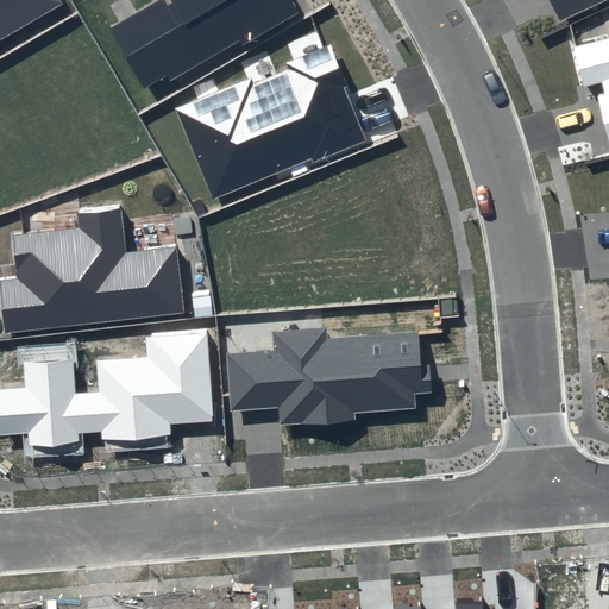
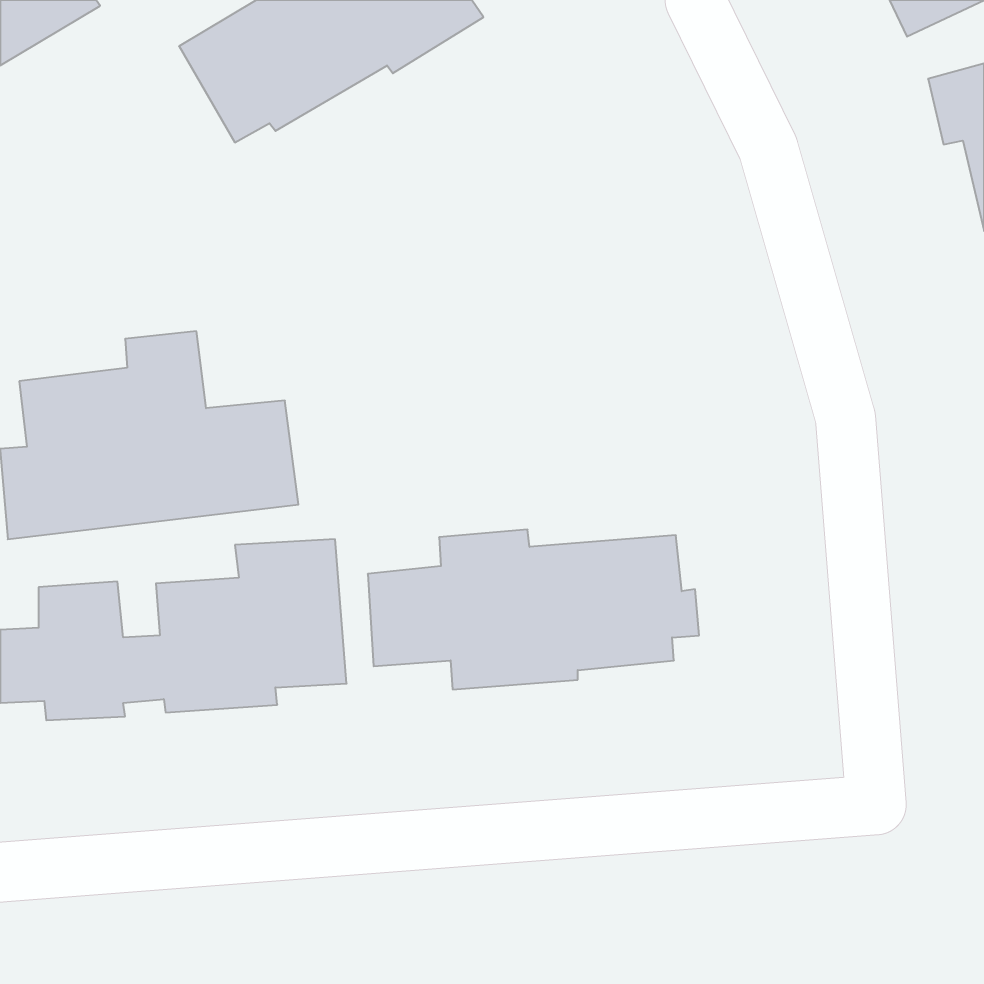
building: [175,44,365,202] -> none

